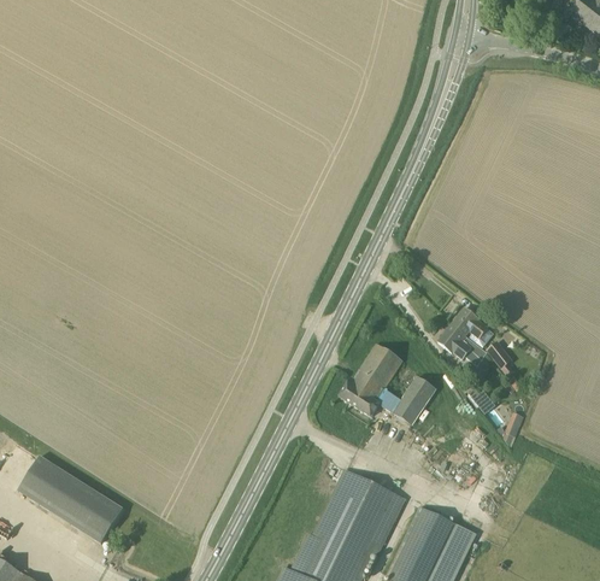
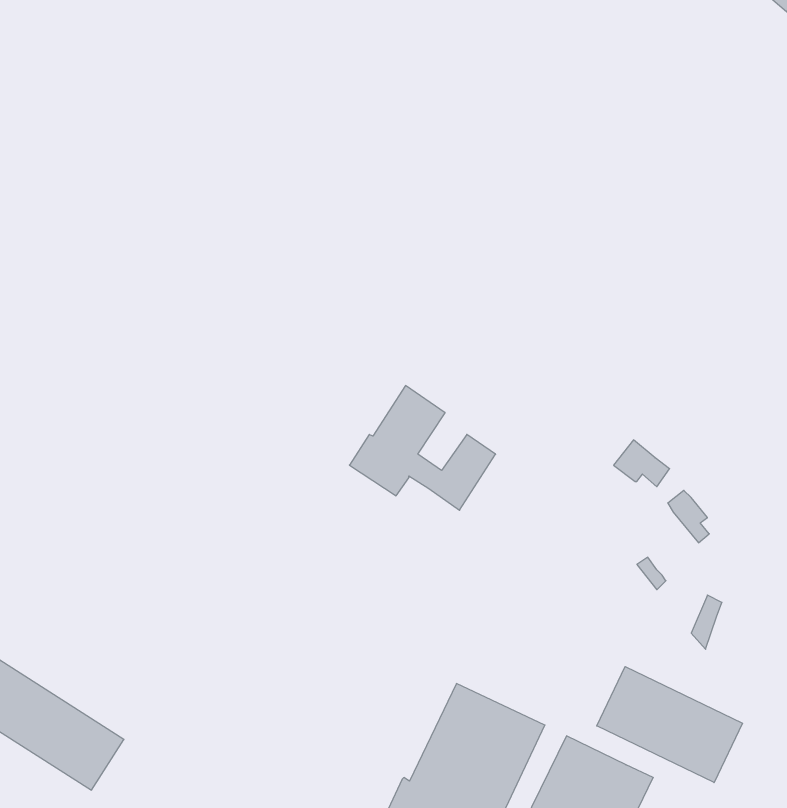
building: [437,325,487,366] -> none
building: [339,344,436,427] -> [349,386,496,510]
building: none -> [597,667,743,783]

